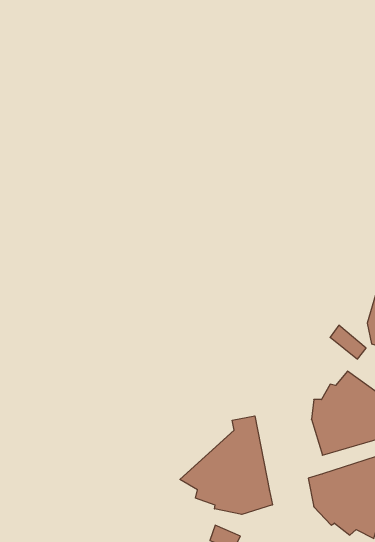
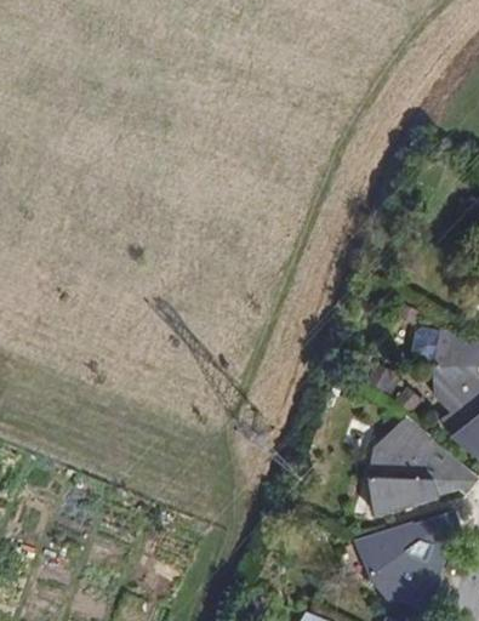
building: [180,416,272,514] -> none

